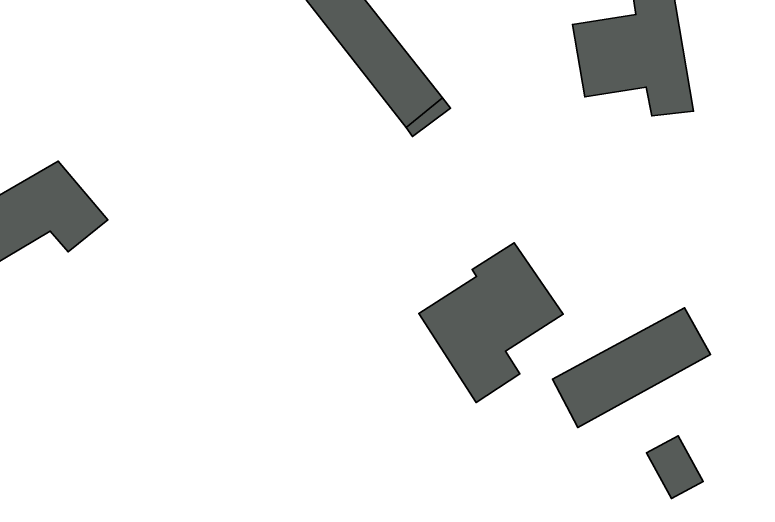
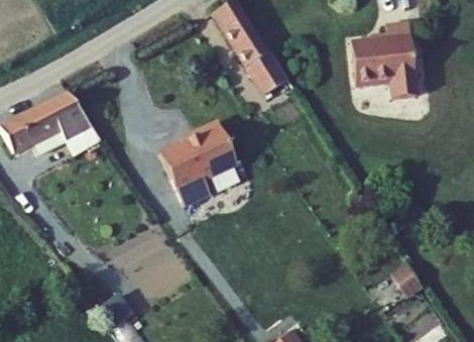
building: [419,243,563,403] -> [168,116,248,203]
building: [552,308,710,427] -> none

